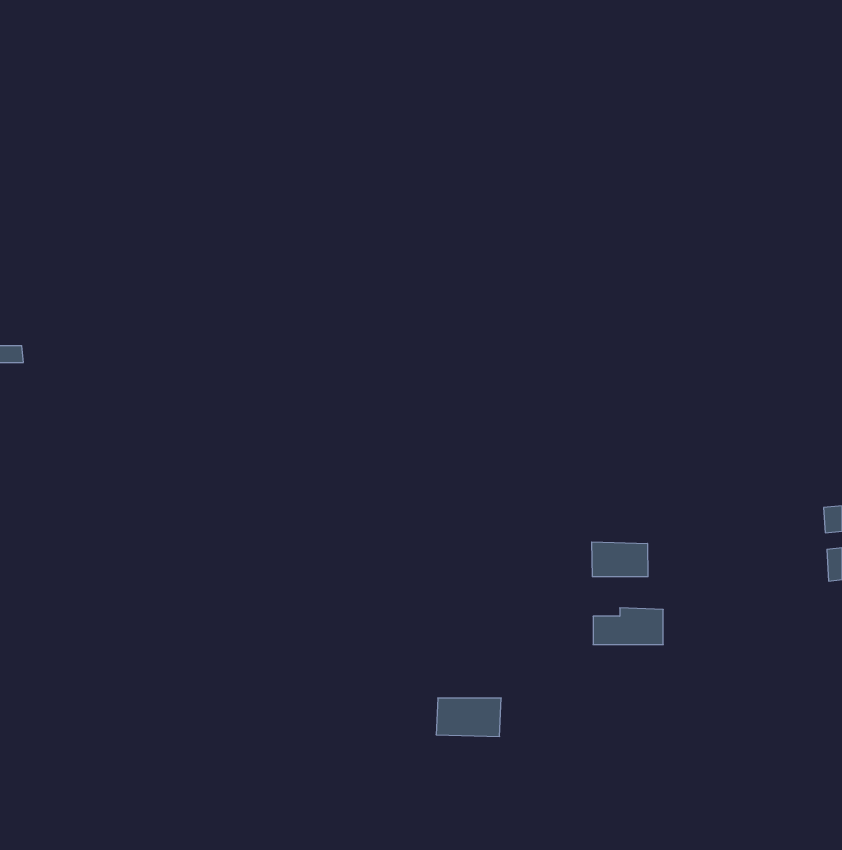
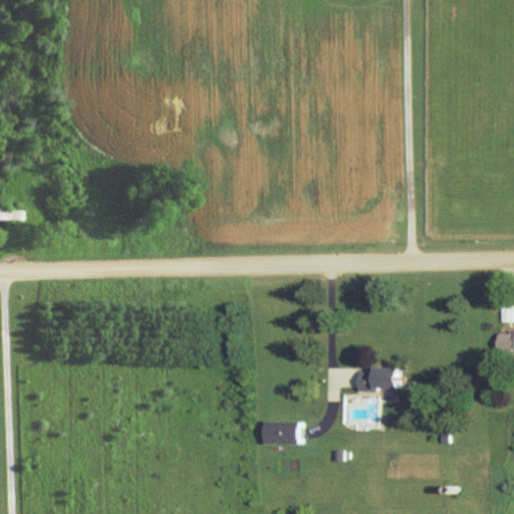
building: [592,542,648,577] -> none

